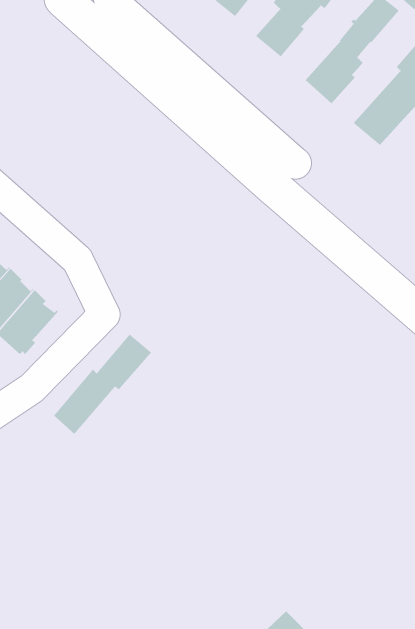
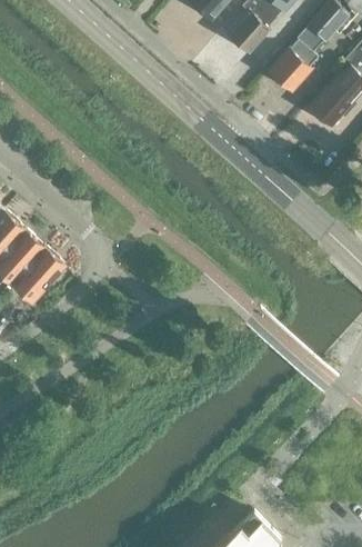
building: [53,333,152,435] -> none

